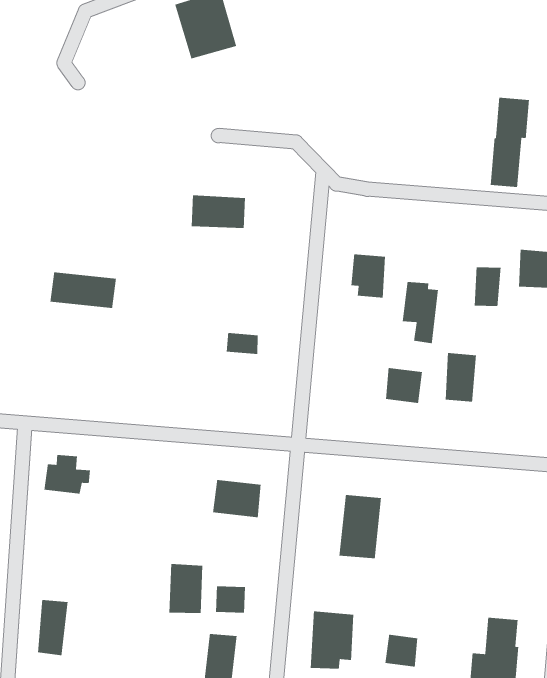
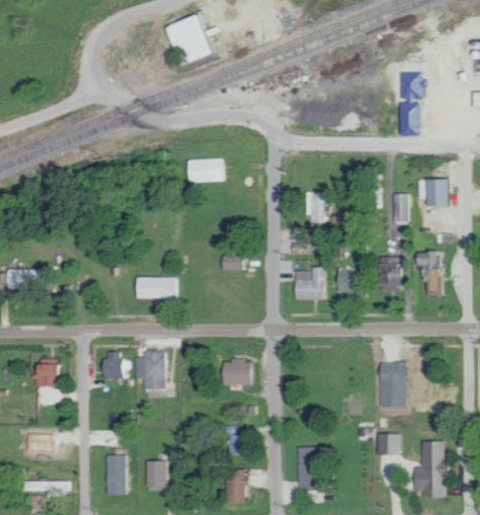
building: [49,271,117,309] -> [135,277,181,300]
building: [402,281,439,344] -> [418,252,442,296]
building: none -> [295,268,326,299]
building: none -> [136,354,165,389]
building: [339,494,382,559] -> [379,362,407,406]
building: [169,563,203,614] -> none
building: none -> [146,461,166,489]
building: [385,634,418,668] -> [377,434,399,456]

